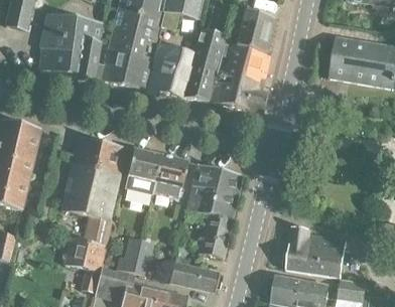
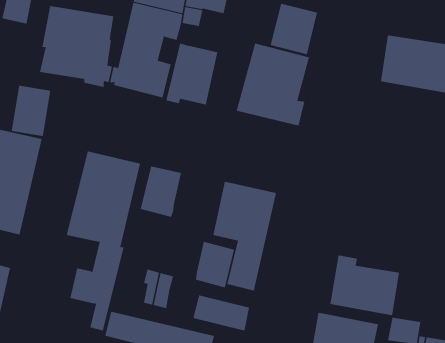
building: [181,29,223,102] -> none
building: none -> [11,85,51,137]
building: [152,155,186,195] -> [195,241,235,288]

